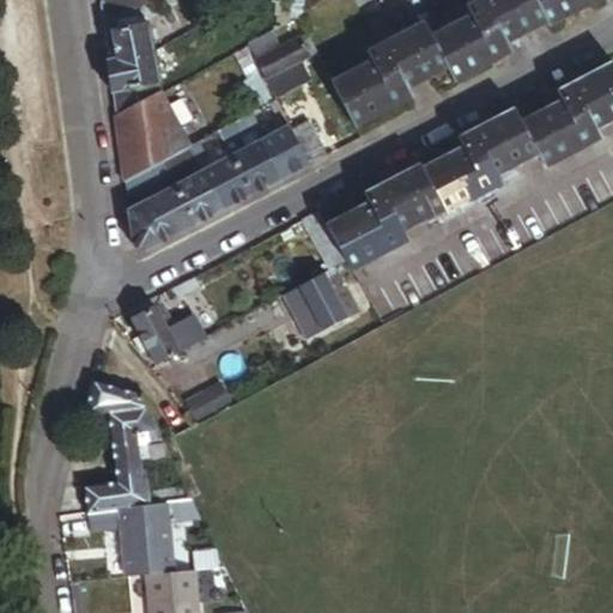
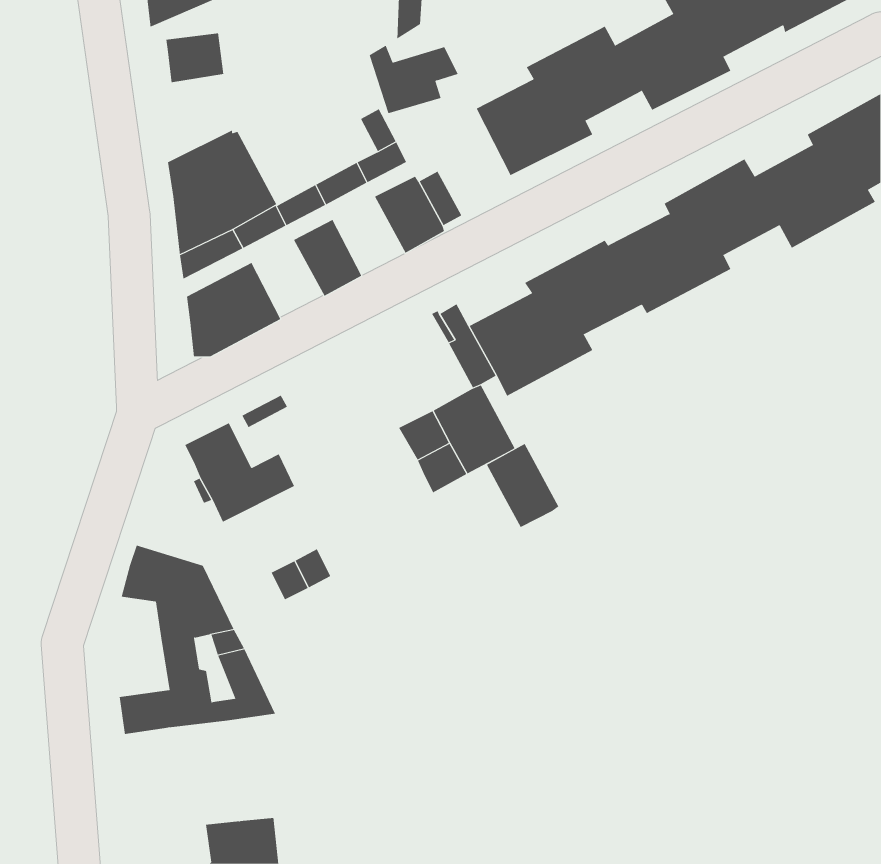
building: [109,51,162,113] -> none
building: [231,136,281,192] -> none
building: [175,166,225,221] -> none
building: none -> [486,443,559,528]
building: [117,500,166,575] -> none

